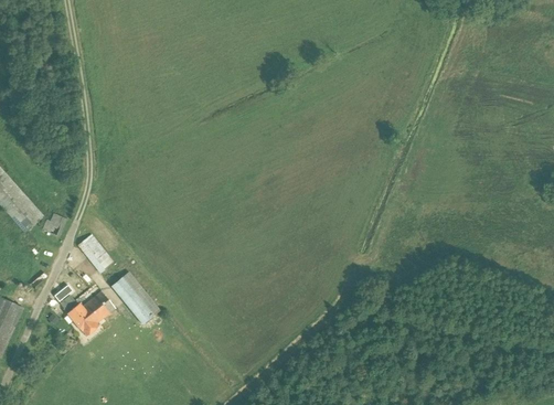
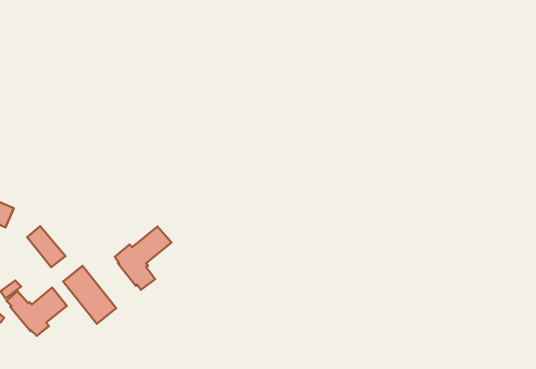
building: none -> [115,227,171,290]

